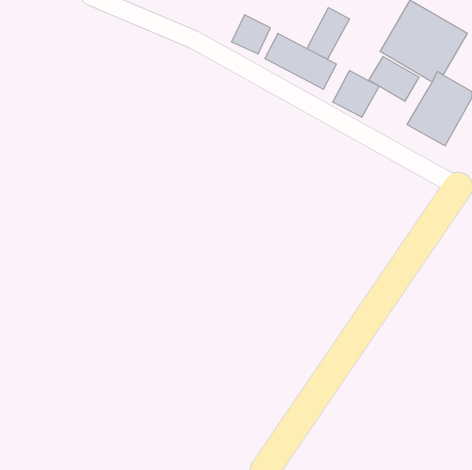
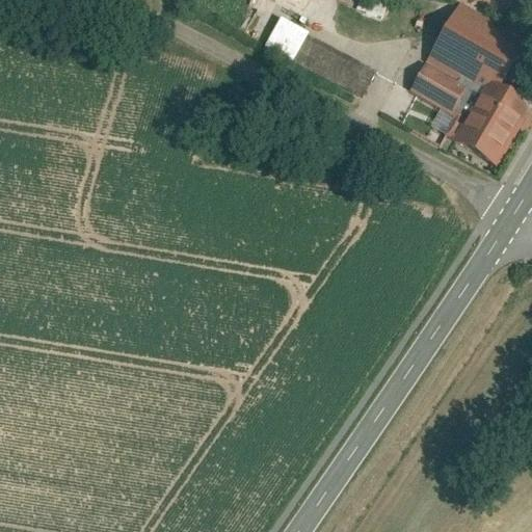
building: [307,8,350,59] -> none
building: [333,70,379,117] -> none

